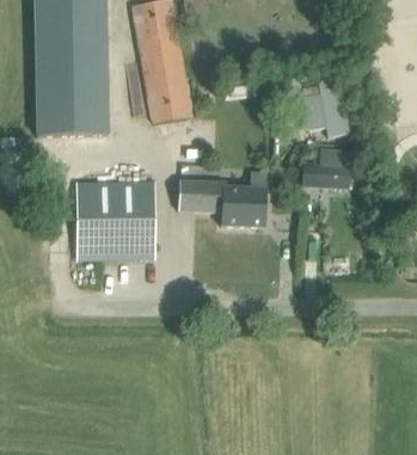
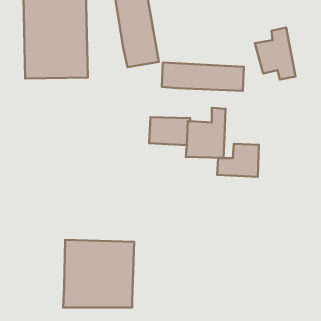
building: none -> [162,63,244,91]
building: [301,148,349,186] -> [217,144,259,177]
building: [75,180,157,258] -> [63,240,134,308]

